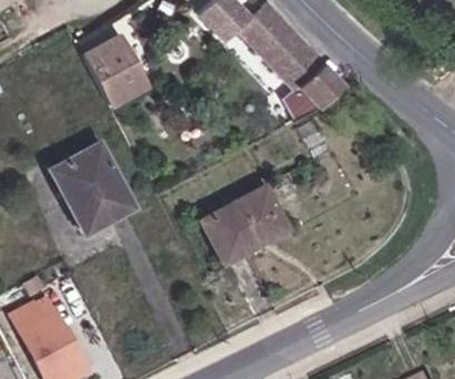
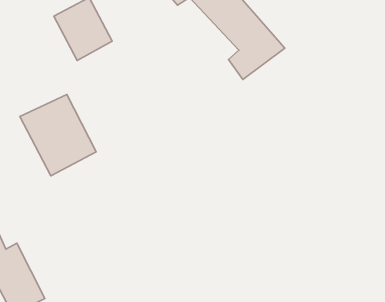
building: [209,181,296,254] -> none

